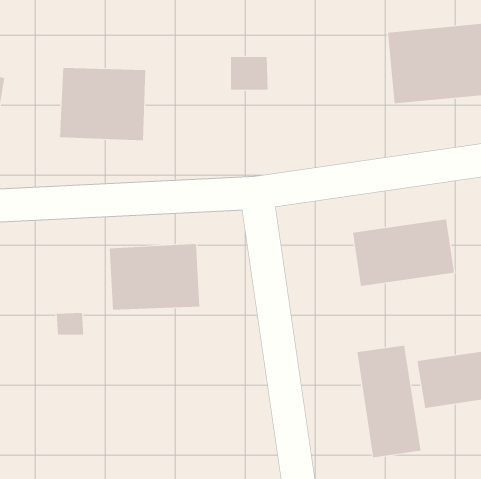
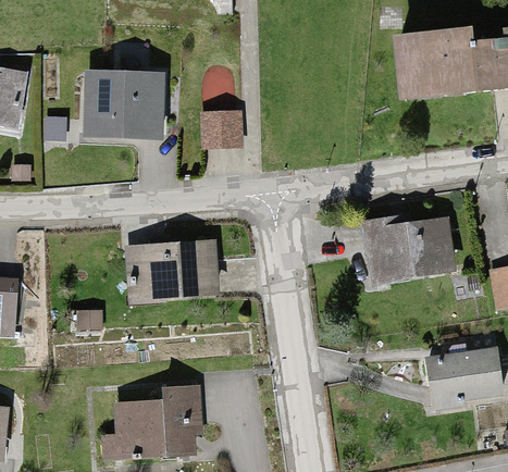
building: [230,56,269,90] -> [198,110,235,142]
building: [357,345,421,458] -> none
building: none -> [101,381,203,457]

